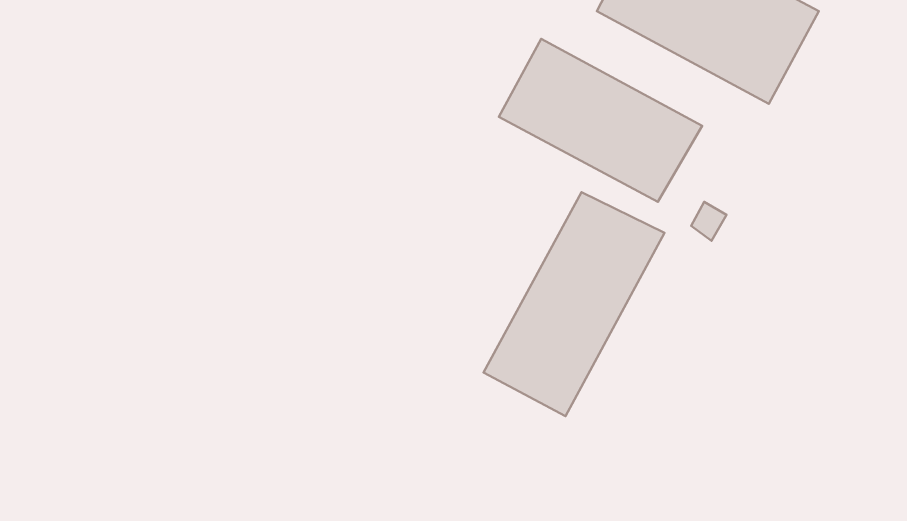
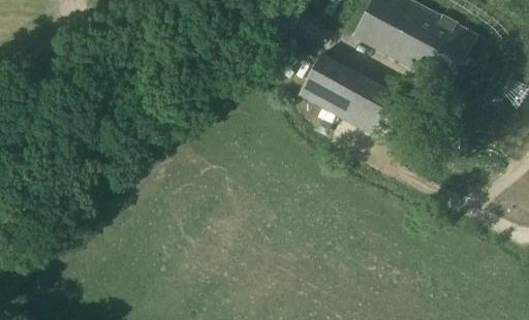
building: [483,192,664,416] -> none

